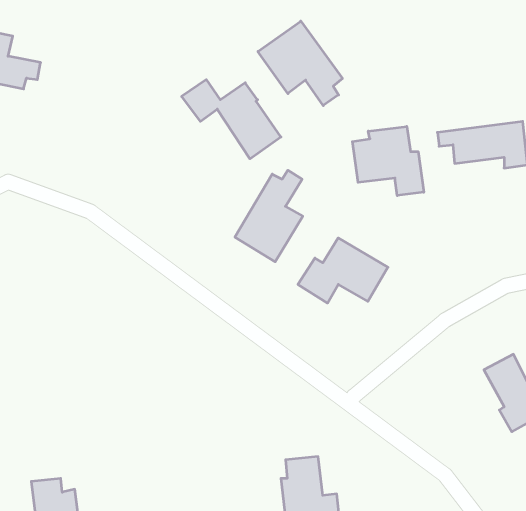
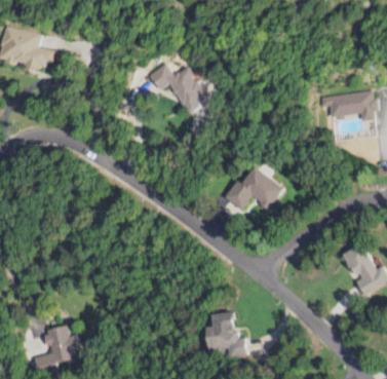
building: [258,21,342,106] -> none
building: [352,126,424,196] -> none
building: [235,170,303,262] -> none

